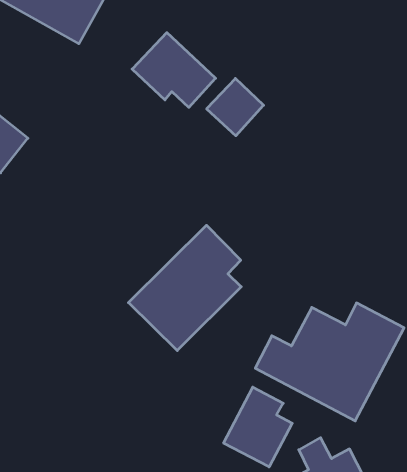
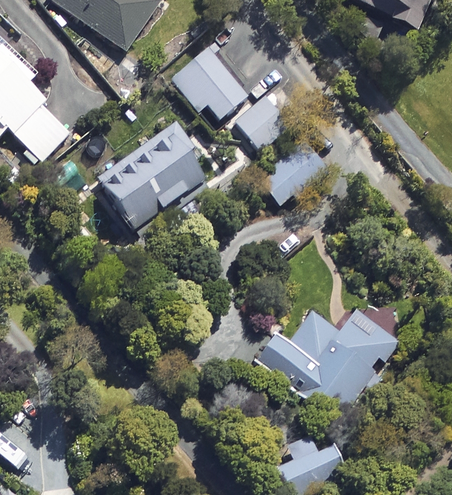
building: none -> [259,140,327,203]
building: [128,225,241,351] -> [99,121,205,232]
building: [224,387,292,467] -> none

